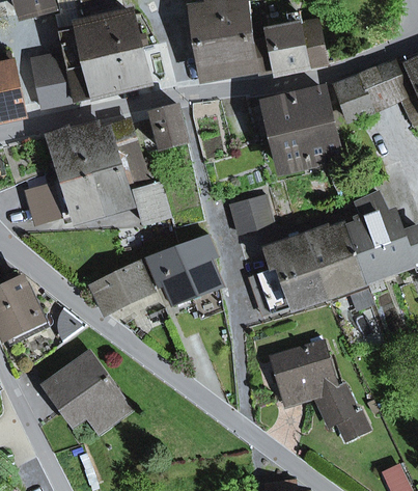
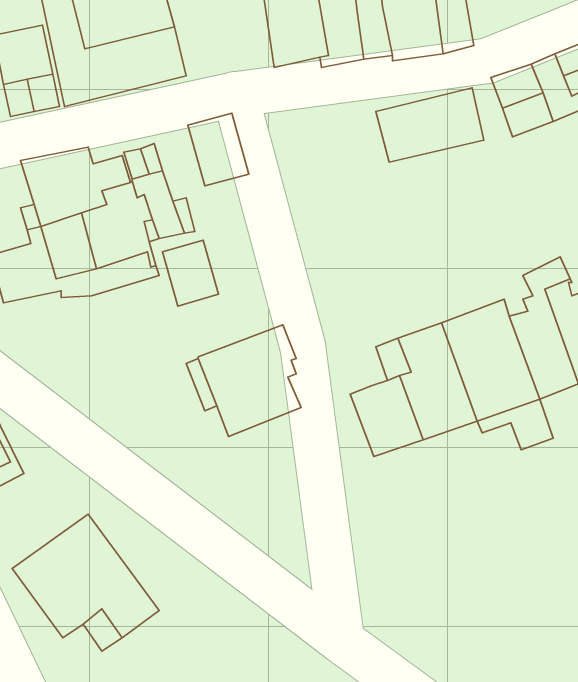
building: [273,121,339,167] -> none
building: [229,194,274,235] -> none
building: [90,264,149,310] -> none
building: [270,342,366,439] -> none

